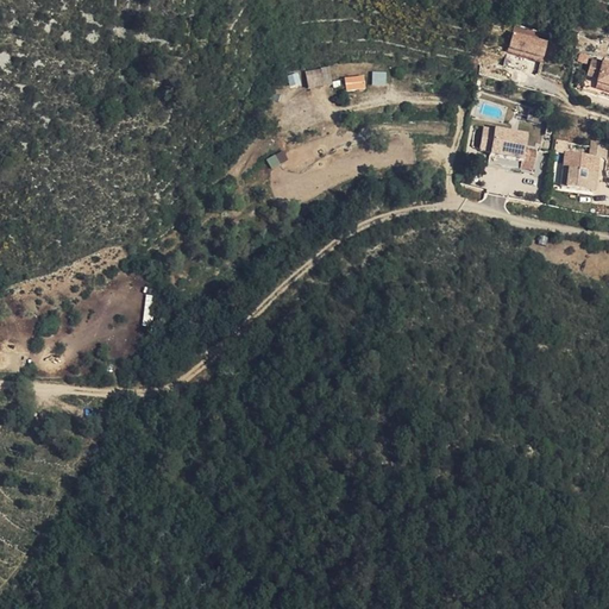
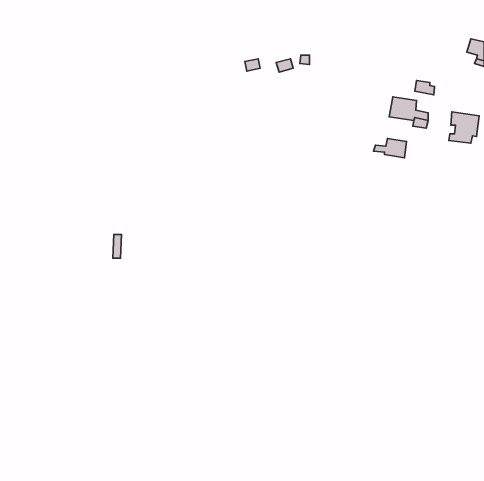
building: [507,31,546,65] -> none
building: none -> [374,139,407,158]

